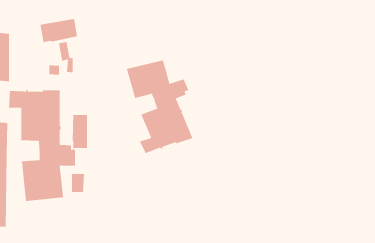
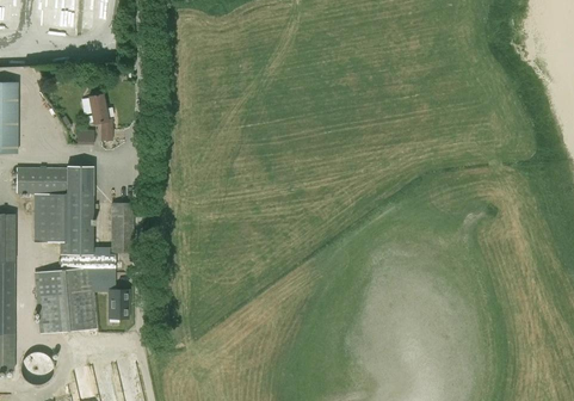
building: [40,18,78,43] -> none
building: [126,59,193,154] -> none

